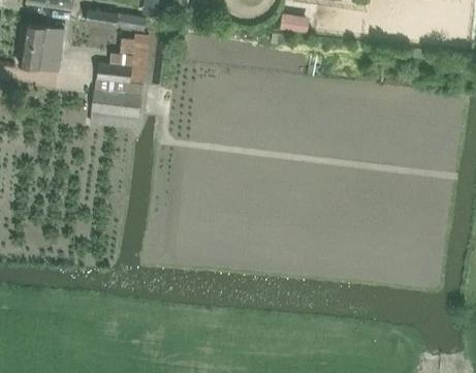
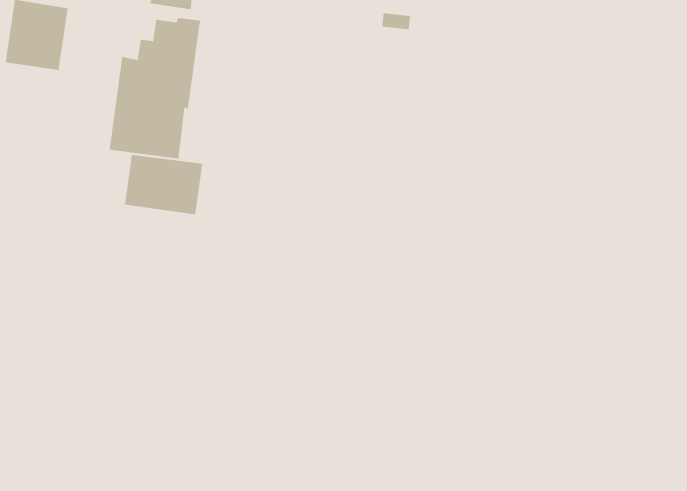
building: none -> [125,154,203,215]

